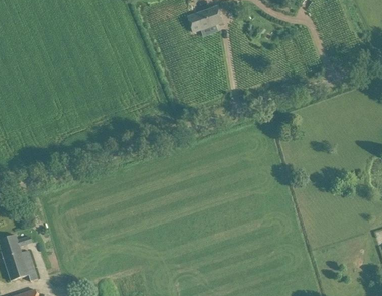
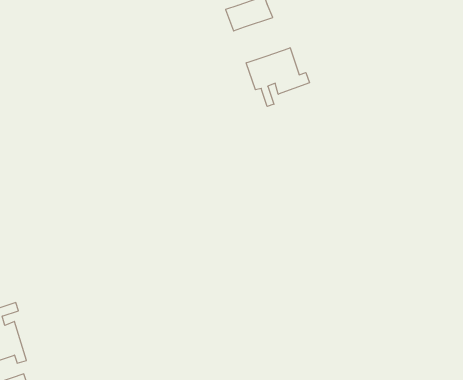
building: none -> [246,48,310,106]

